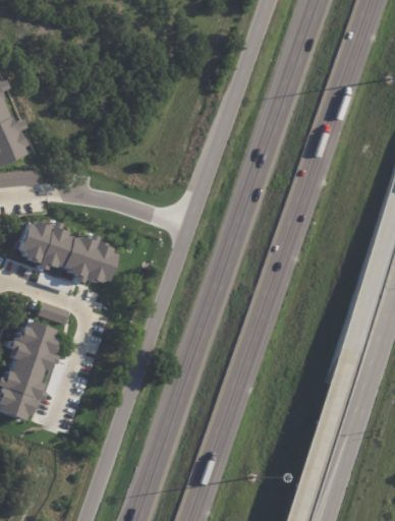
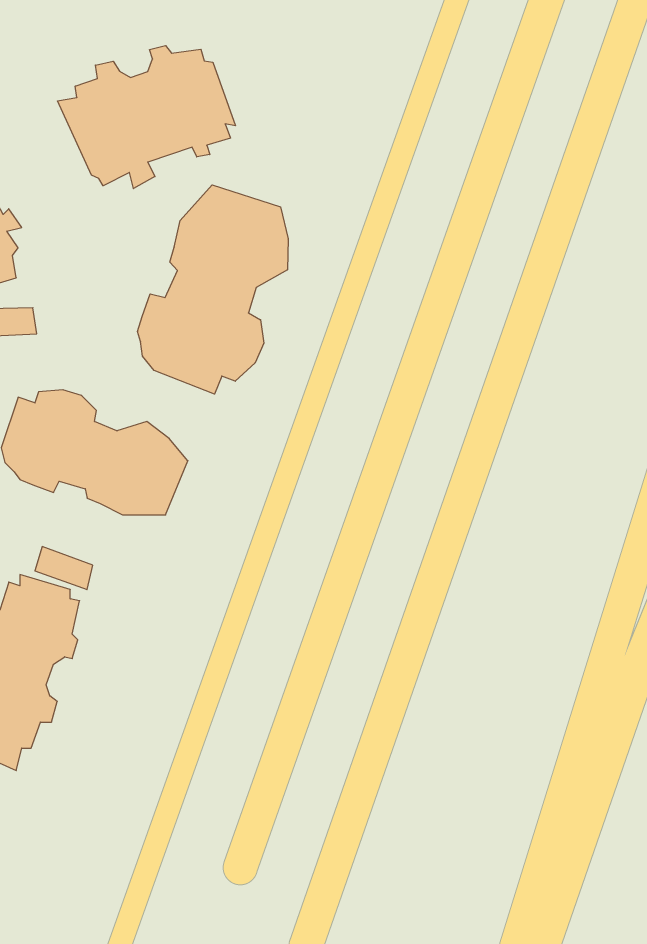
building: none -> [58,46,235,189]
building: none -> [138,185,288,394]

